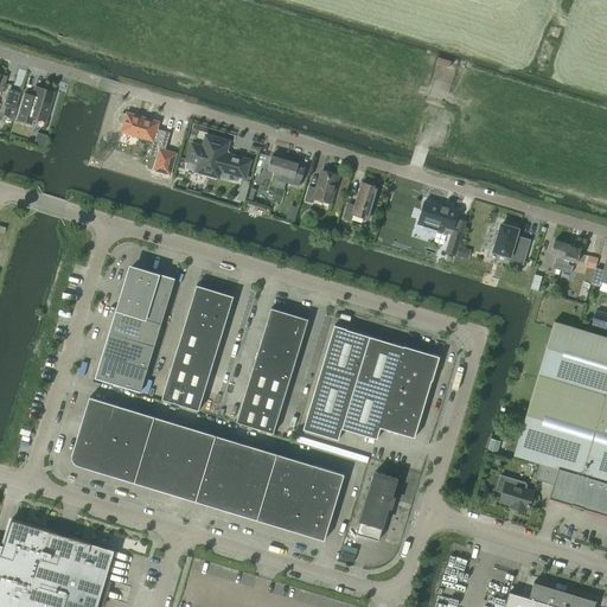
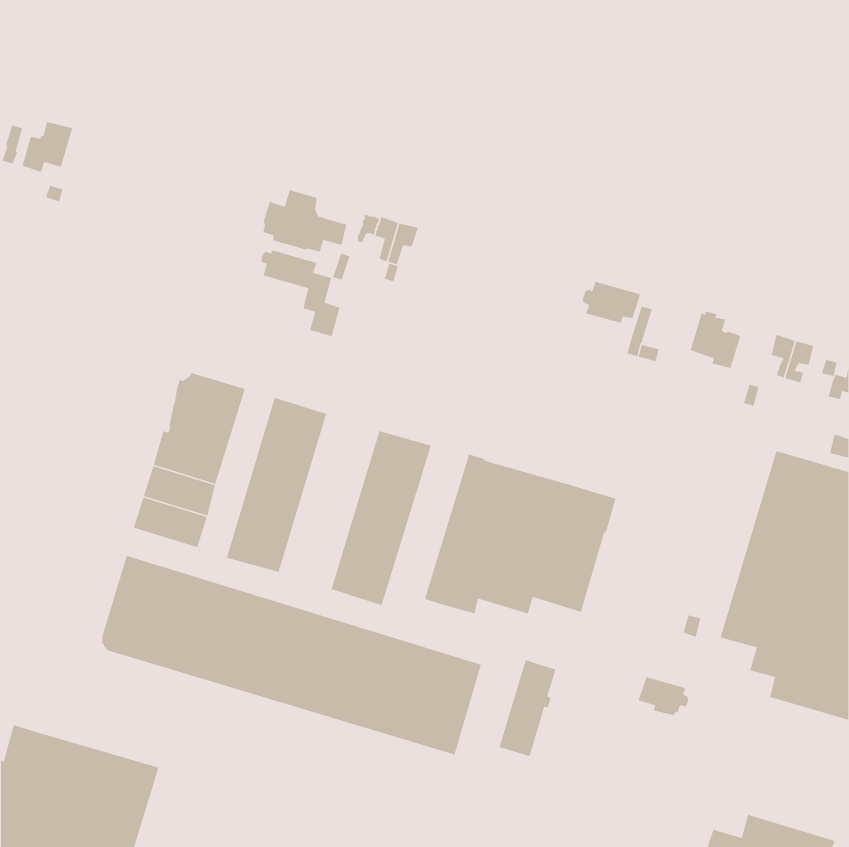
building: [119,113,175,175] -> [261,249,341,337]
building: [305,171,338,204] -> none
building: [343,181,377,222] -> none
building: [499,484,536,512] -> [638,676,689,716]

